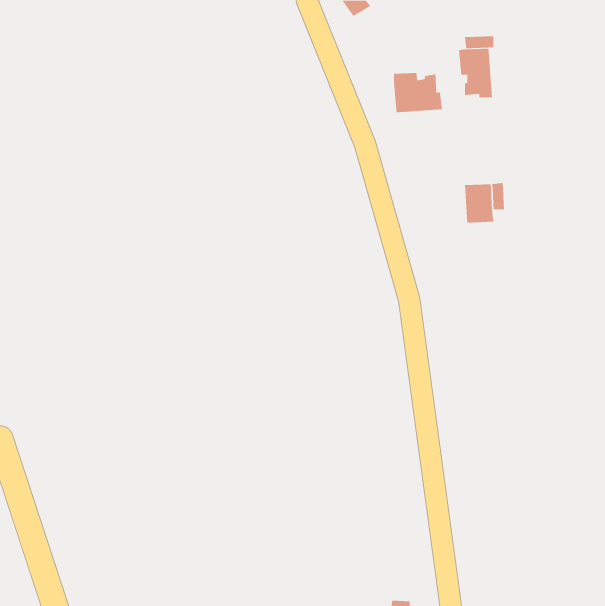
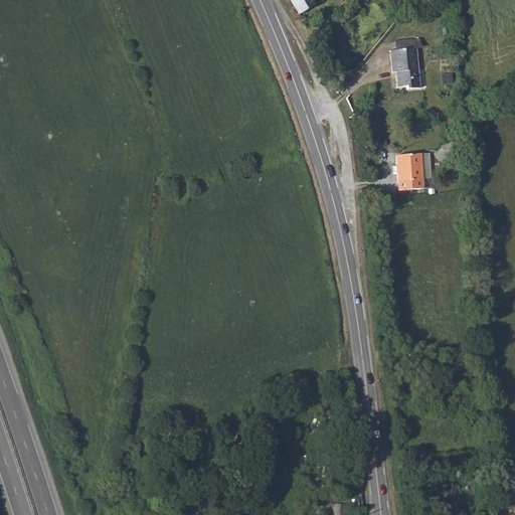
building: [394,72,442,113] -> none

